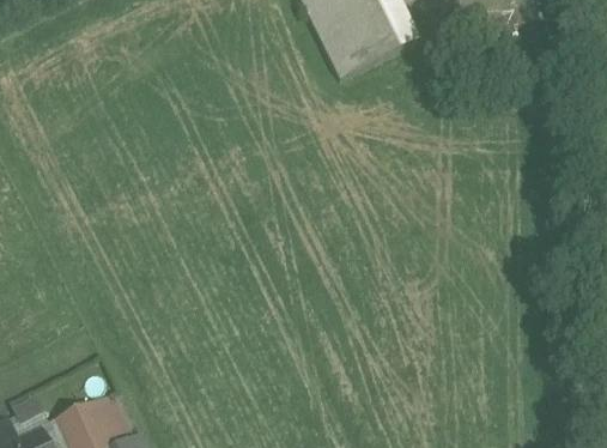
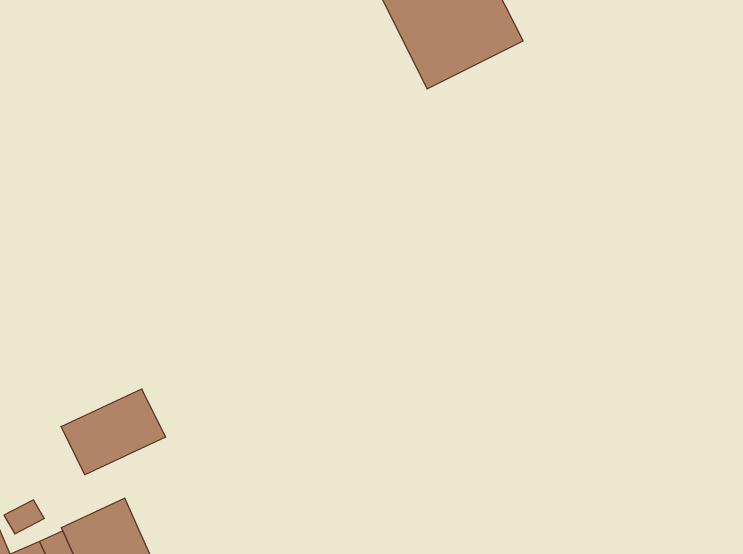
building: none -> [61,389,165,475]

